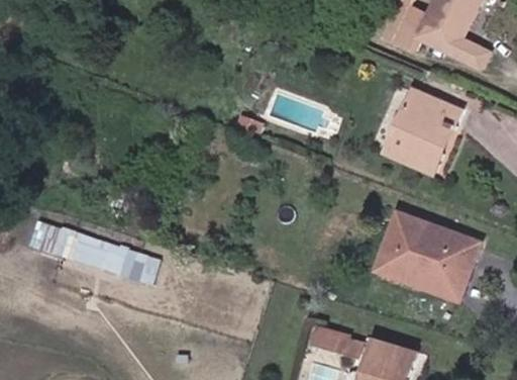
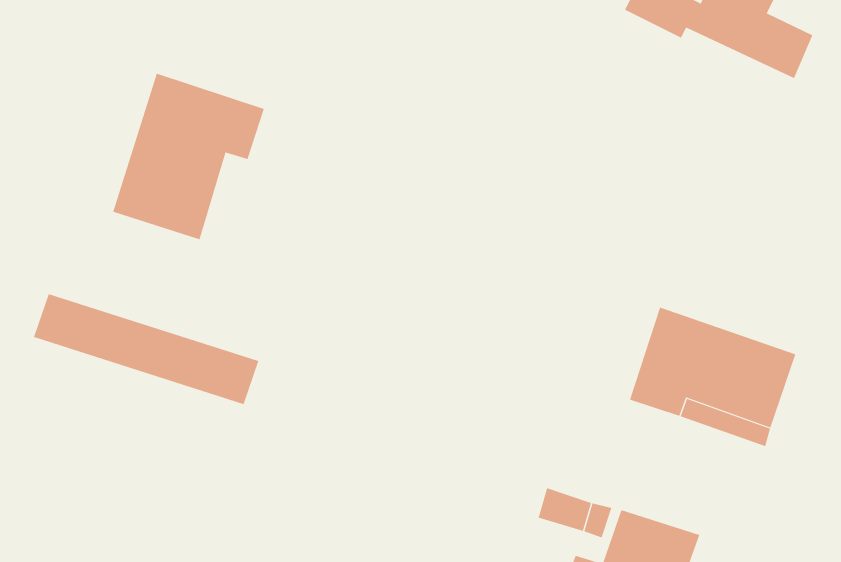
building: none -> [112,73,265,240]
building: [387,92,459,171] -> none

